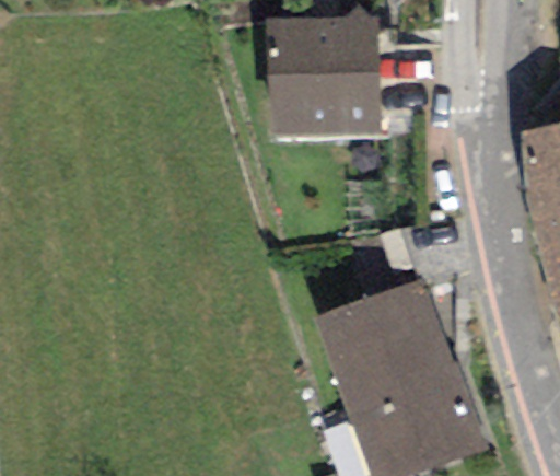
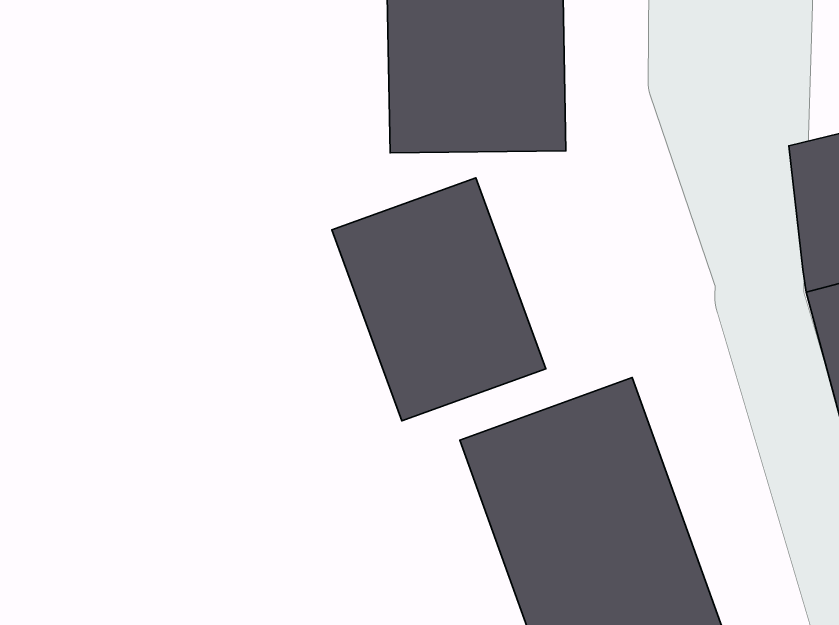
building: none -> [332,178,546,421]

